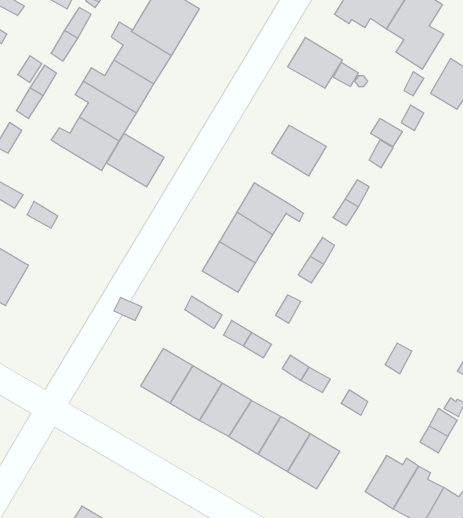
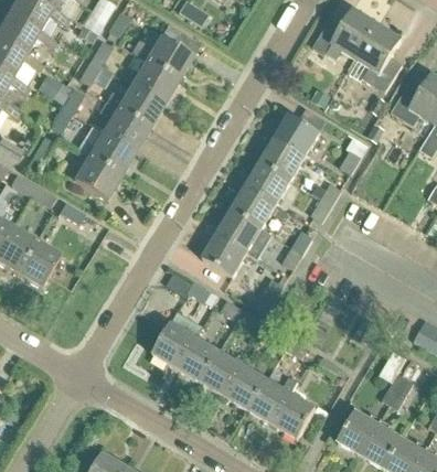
building: [288,37,342,88] -> [275,114,320,155]
building: [107,134,164,187] -> [73,155,120,200]
building: none -> [246,161,291,204]

